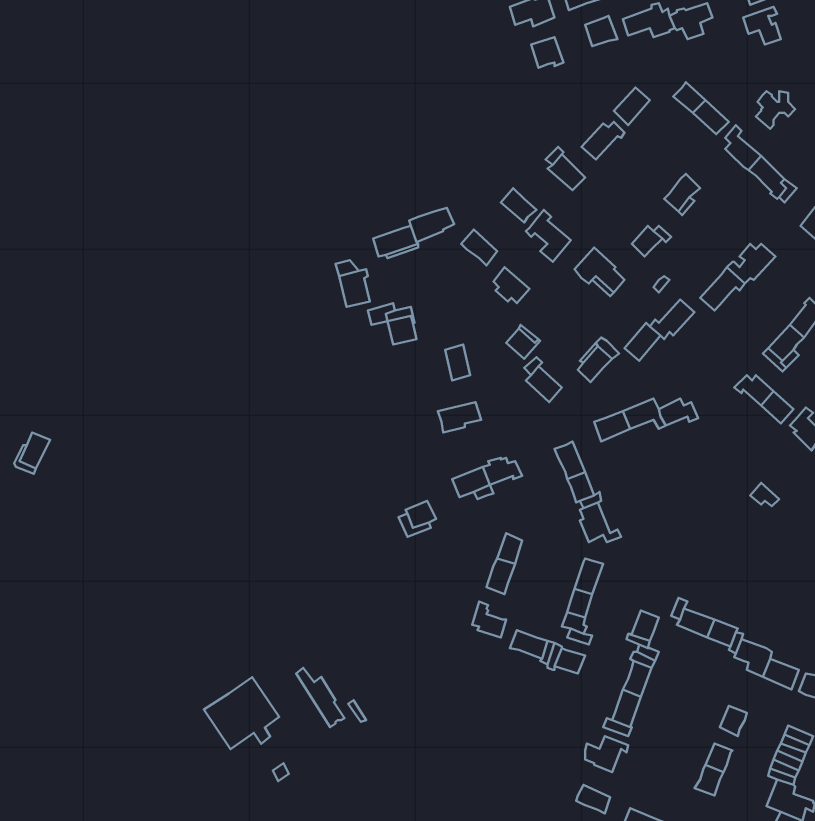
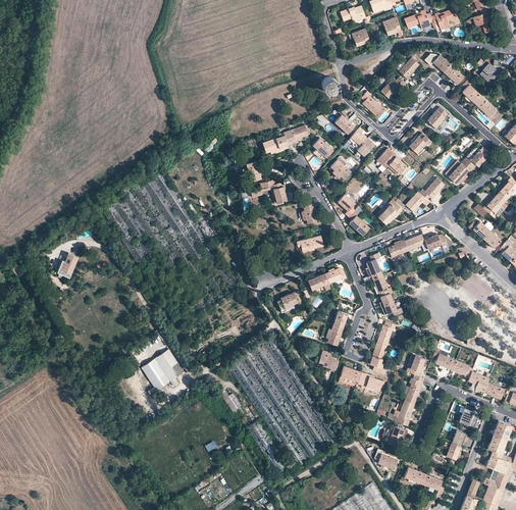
building: [204,677,279,749] -> [141,349,184,390]

